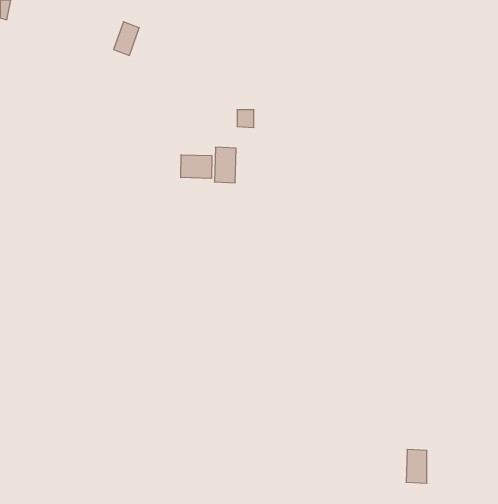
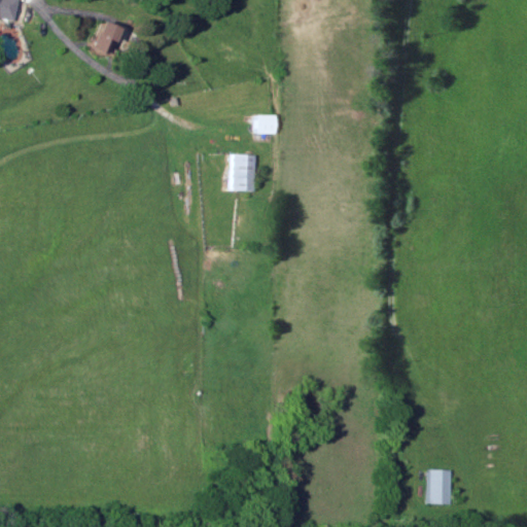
building: [114,22,139,55] -> [93,22,119,57]
building: [181,155,212,178] -> none

